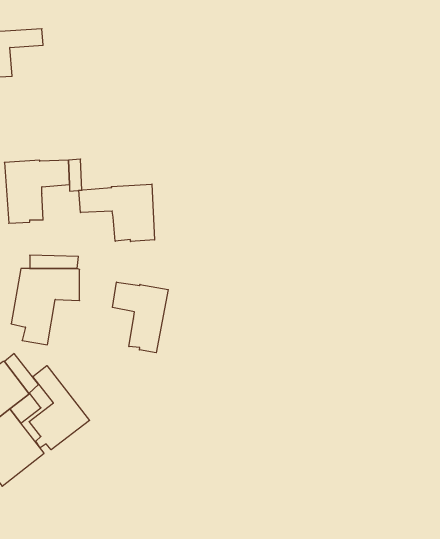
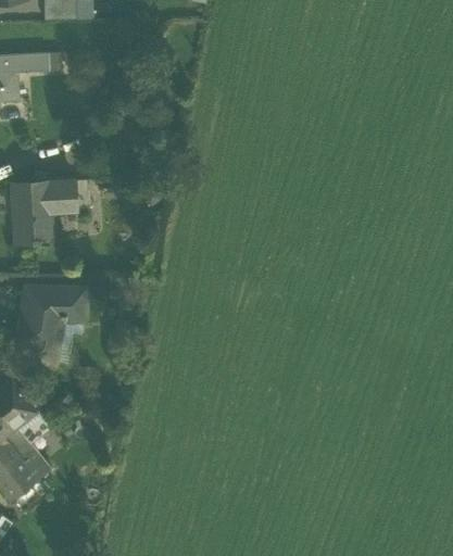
building: [79,184,155,242] -> none
building: [112,282,168,353] -> none
building: [29,366,90,450] -> none

